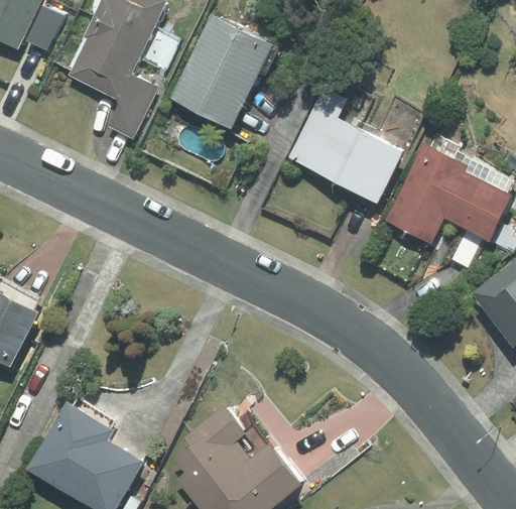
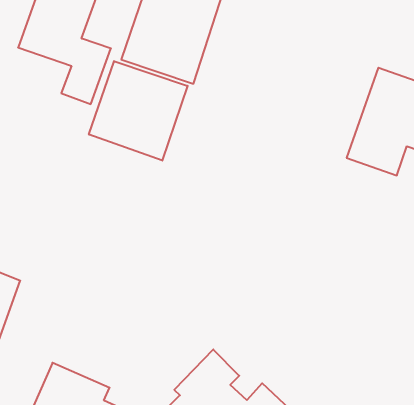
building: [285,75,406,204] -> none
building: none -> [89,61,188,161]

